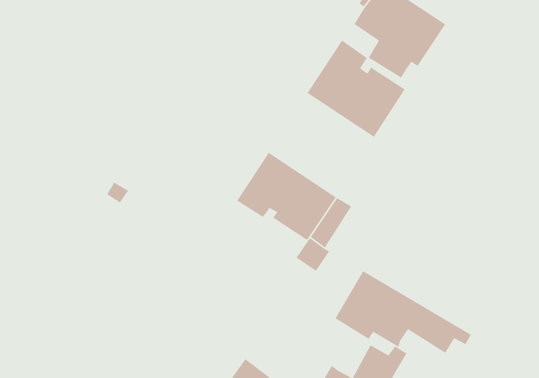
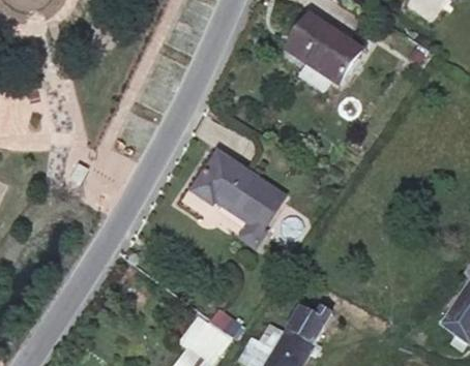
building: [306,40,406,138] -> none
building: [334,270,472,354] -> none

